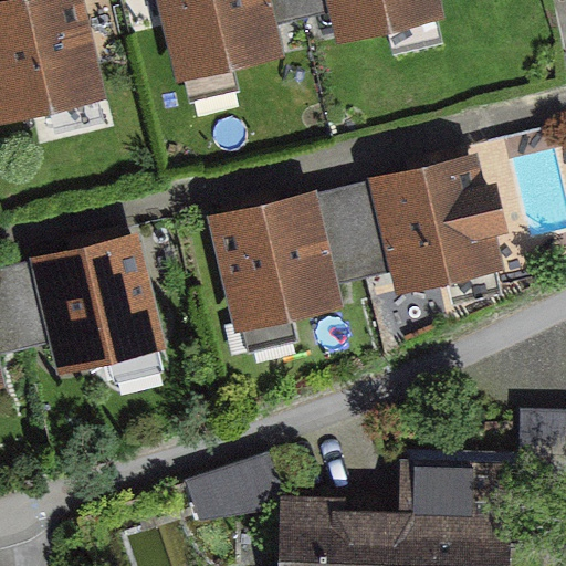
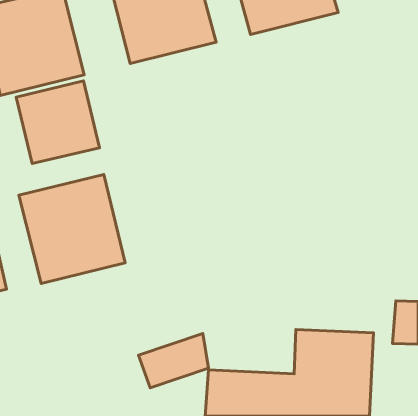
building: none -> [16,81,100,164]
building: [366,155,511,304] -> none
building: [206,192,347,338] -> none

